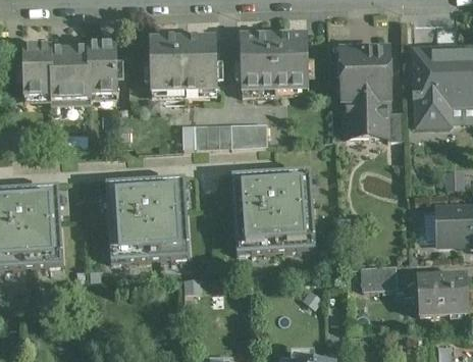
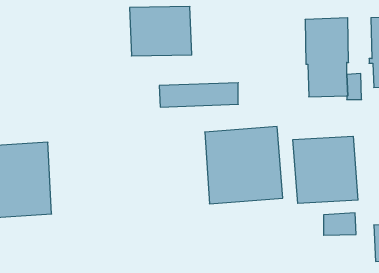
building: [241,34,308,89] -> none
building: [22,43,117,98] -> none
building: [105,176,190,261] -> none
building: none -> [293,136,358,203]

